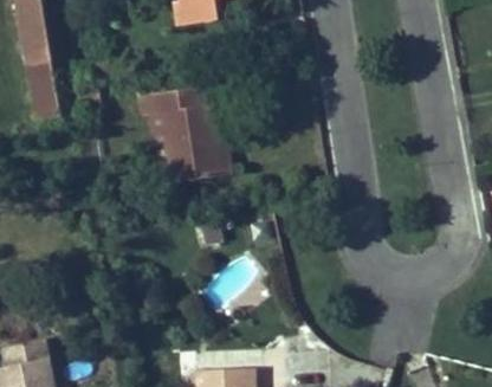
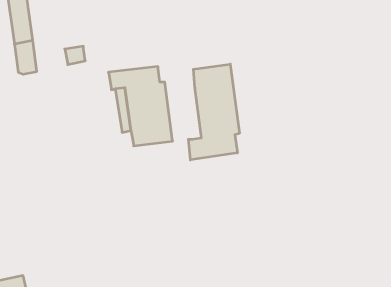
building: none -> [188,64,239,160]

